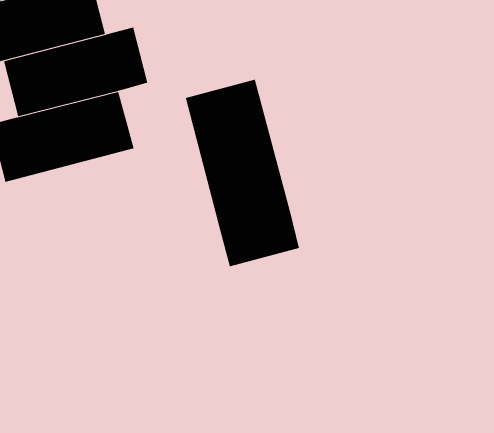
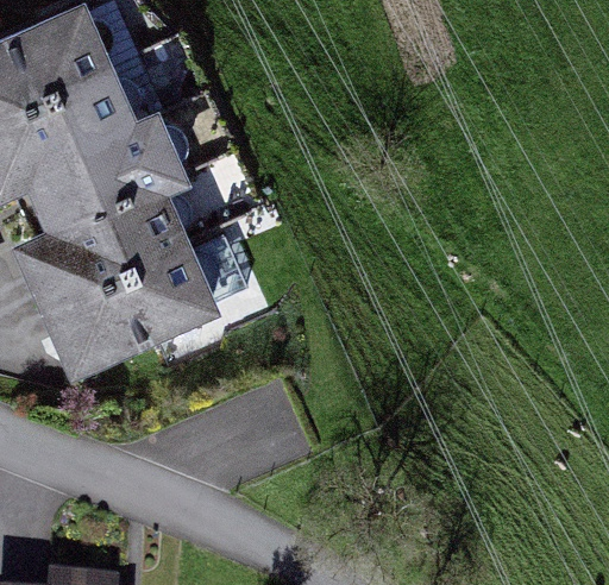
building: [185,79,300,267] -> none
building: none -> [51,253,208,369]

